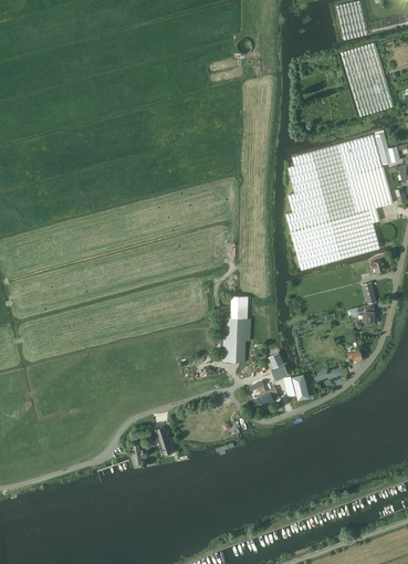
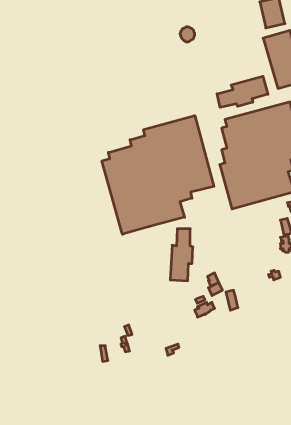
building: none -> [217,76,268,107]
building: none -> [102,116,214,234]

